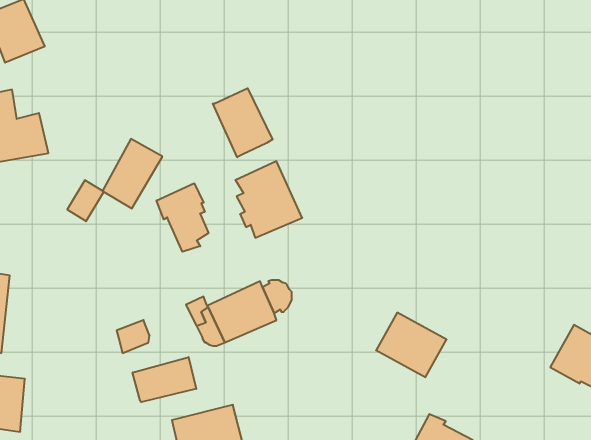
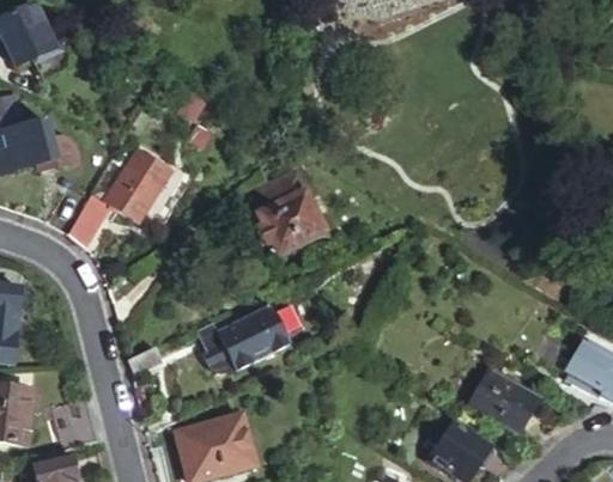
building: [213,88,273,157] -> none
building: [157,183,208,252] -> none
building: [376,313,447,377] -> [468,367,540,433]
building: [133,357,196,402] -> none

